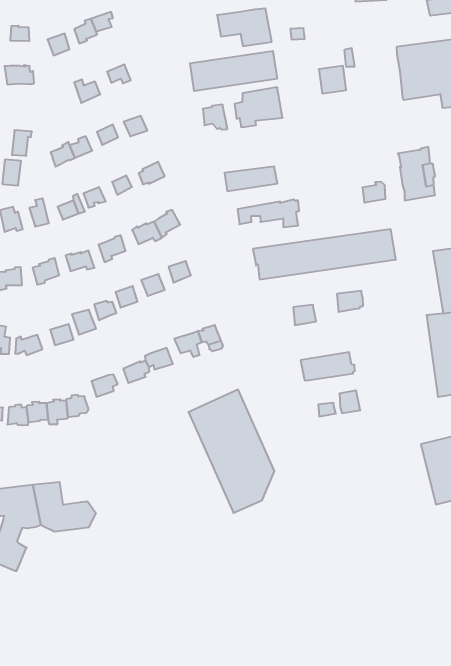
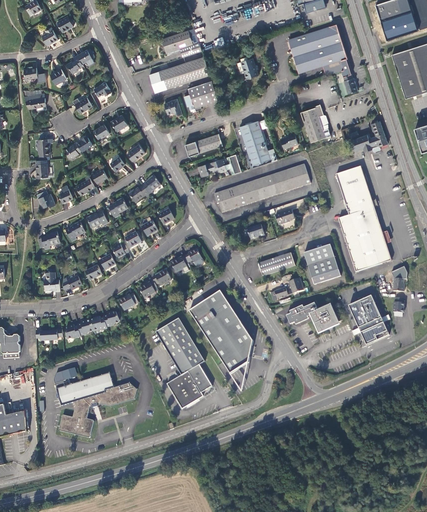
building: none -> [239,120,277,167]
building: none -> [303,243,341,284]
building: none -> [156,317,212,408]
building: none -> [286,301,340,333]

